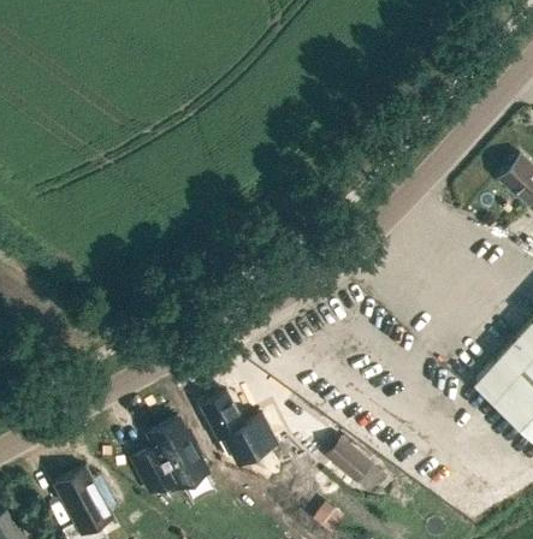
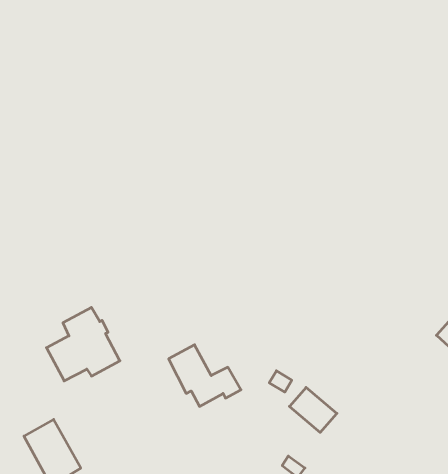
building: [135,419,209,493] -> [46,307,120,381]

